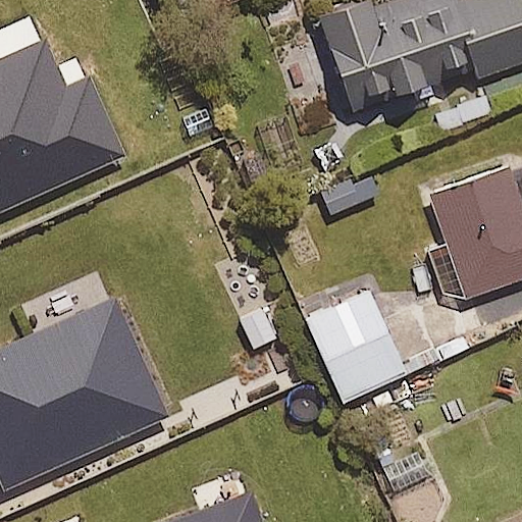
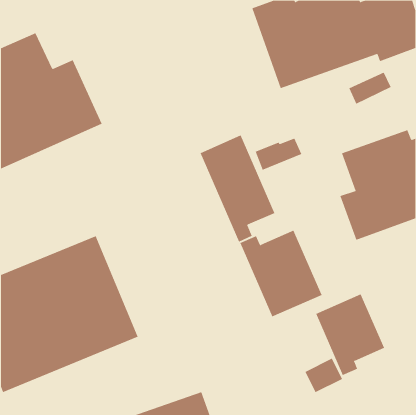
building: none -> [200,135,275,242]
building: none -> [315,293,385,376]

